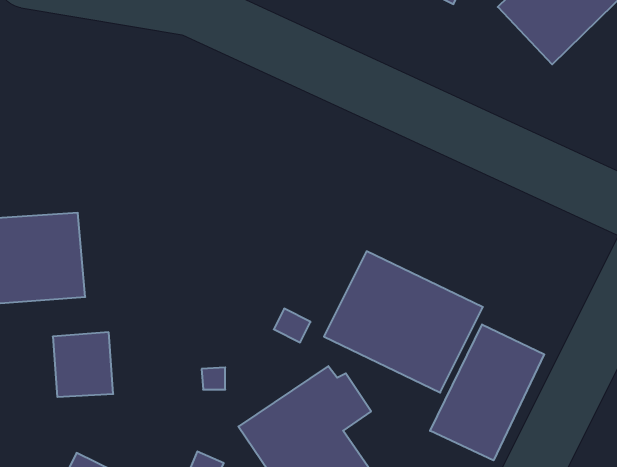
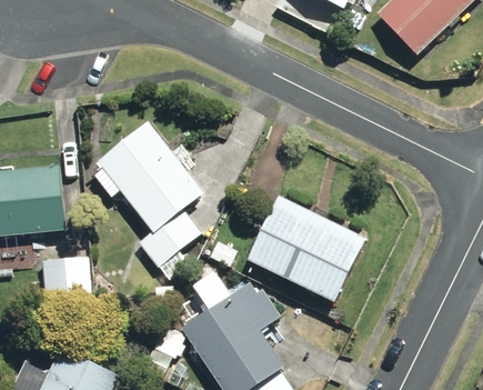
building: none -> [93,121,203,266]
building: [430,324,544,460] -> none

